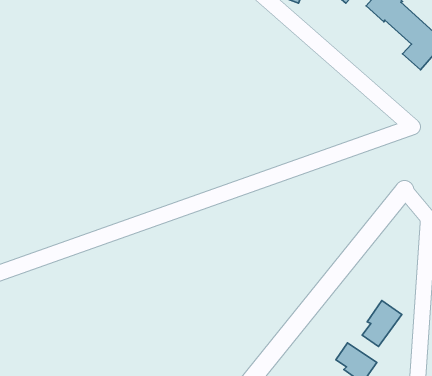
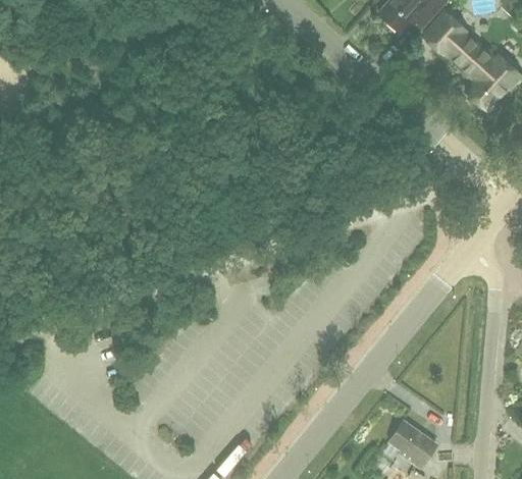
building: [362,301,402,347] -> none

